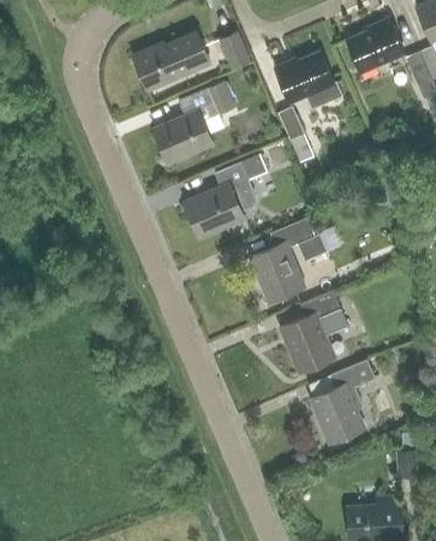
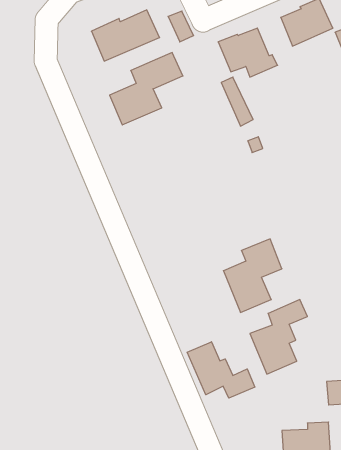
building: [184,155,267,238] -> none
building: [251,216,327,302] -> none
building: none -> [187,342,255,398]

